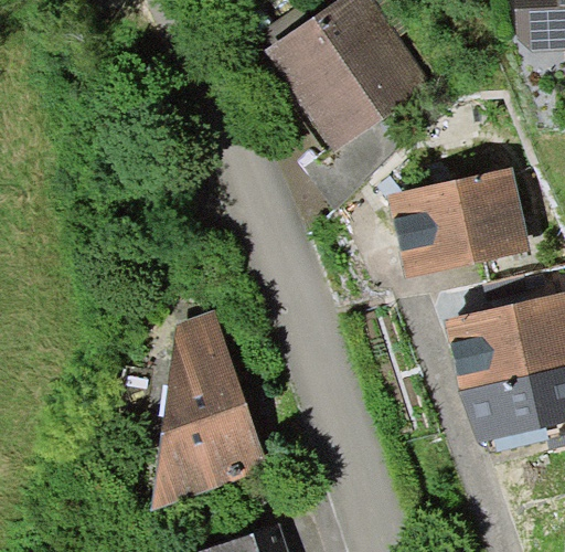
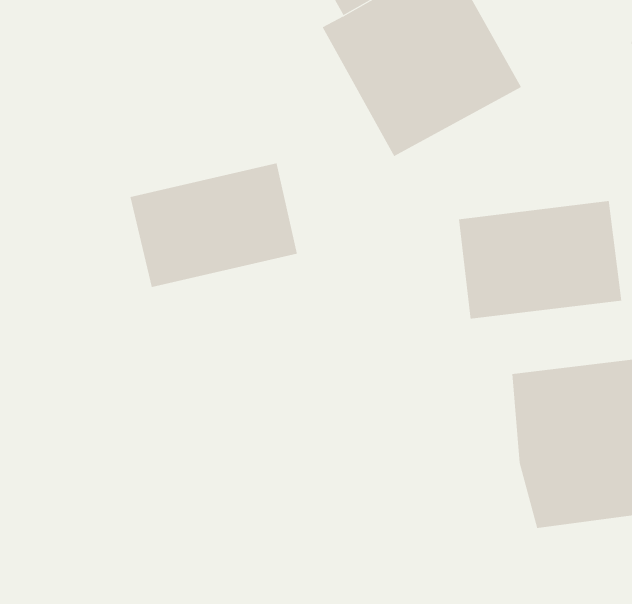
building: none -> [130,162,297,288]
building: [152,310,271,511] -> none

